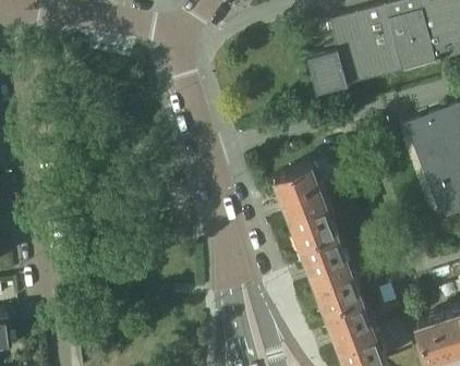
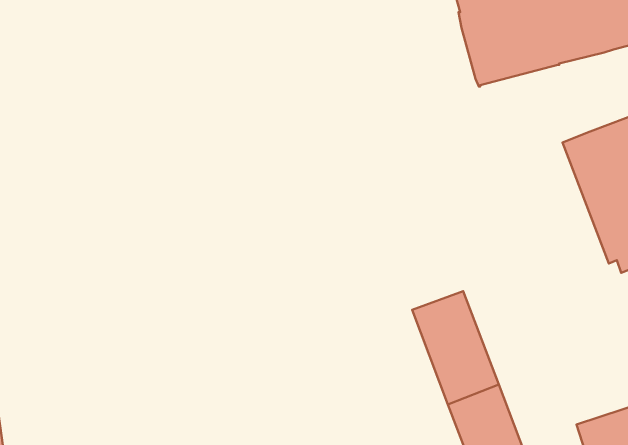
building: [306,45,343,94] -> none
building: [274,163,335,243] -> none

